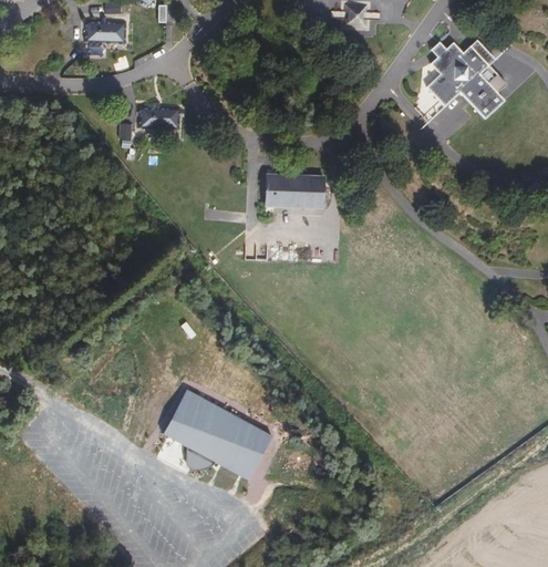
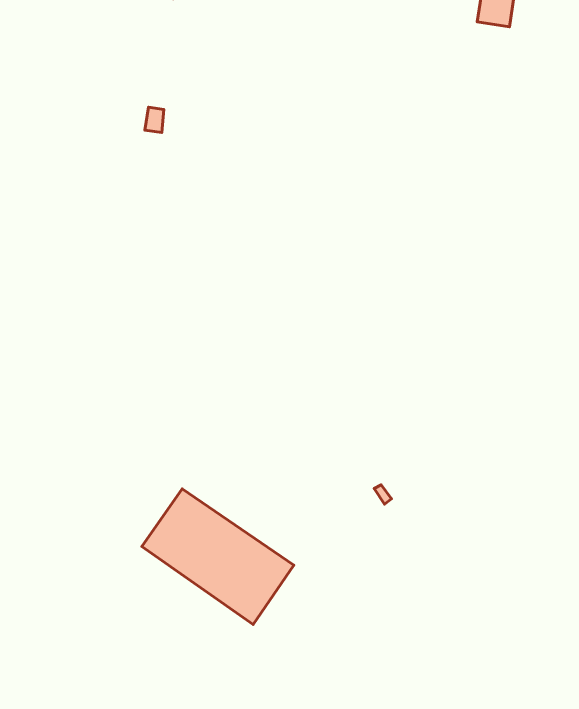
building: [139,105,180,130] -> none
building: [265,174,324,208] -> none

